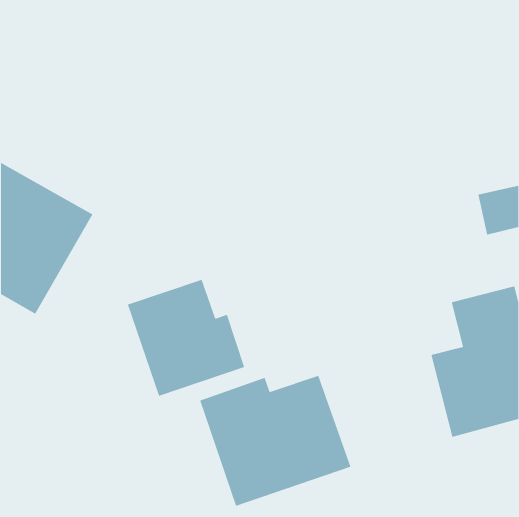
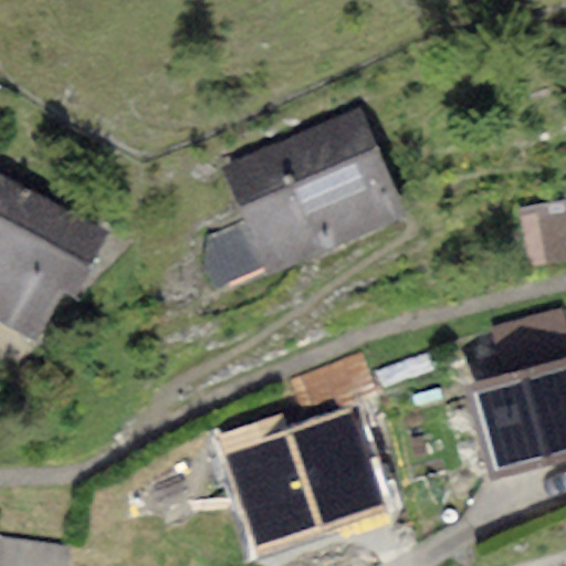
building: none -> [224,106,410,274]
building: [127,279,245,397] -> none

